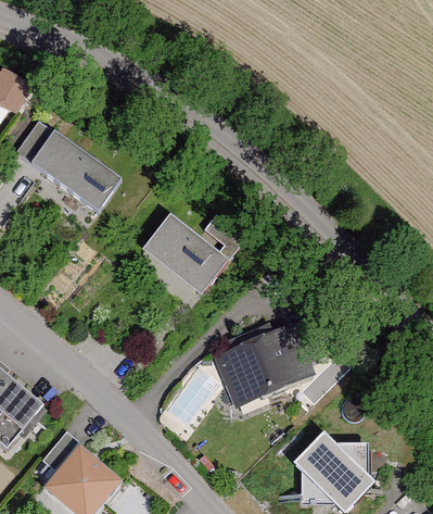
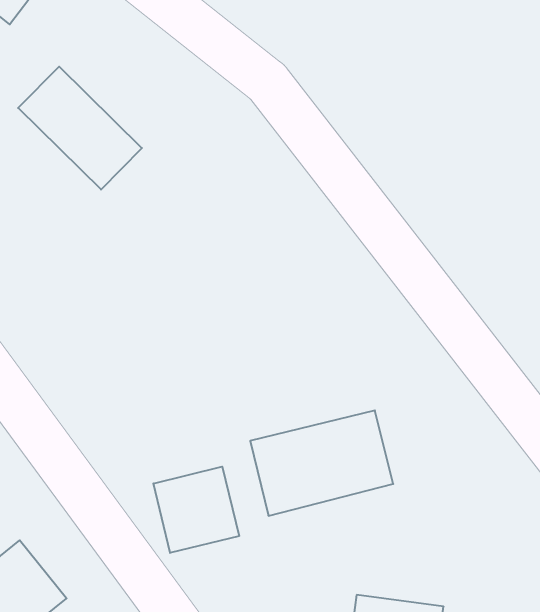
building: [142,215,226,294] -> none
building: none -> [153,467,239,553]

